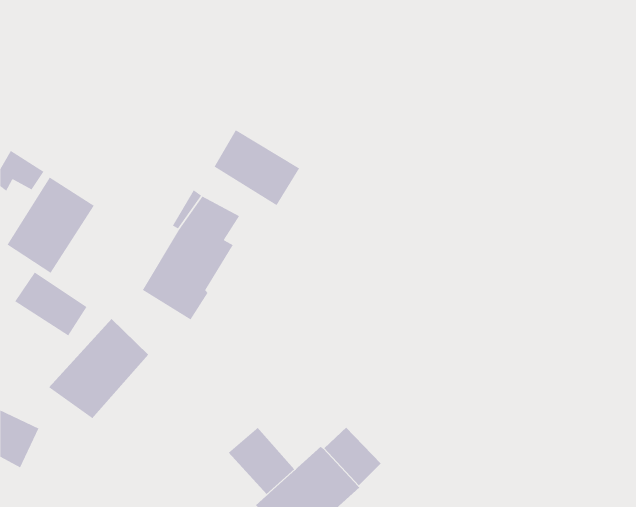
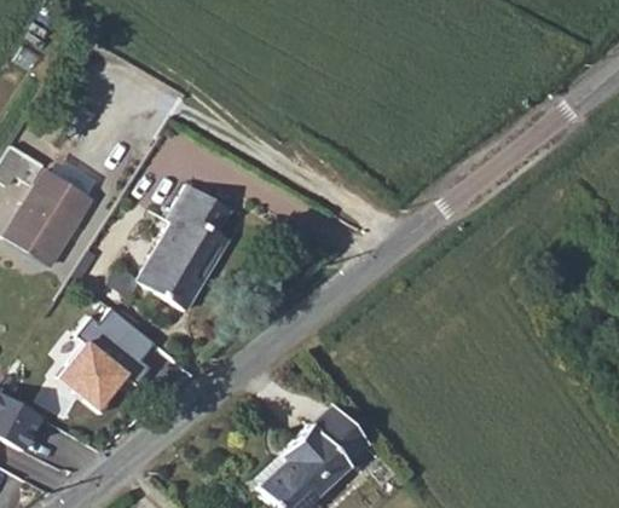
building: [213,129,300,206] -> none
building: [14,272,88,336] -> none
building: [228,427,295,495] -> none

